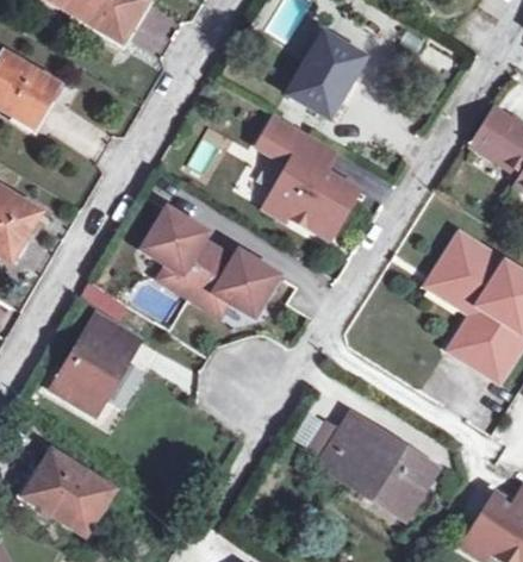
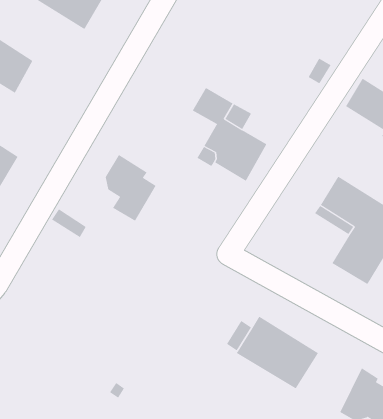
building: [285,32,362,118] -> none
building: [193,250,281,314] -> none
building: [46,316,130,411] -> none
building: [27,451,114,533] -> none

